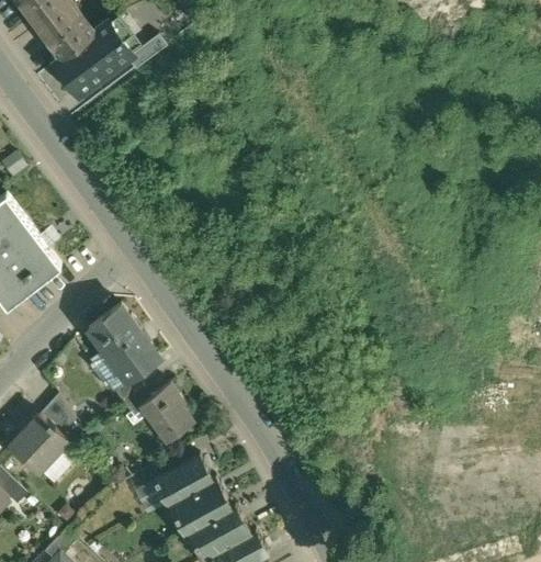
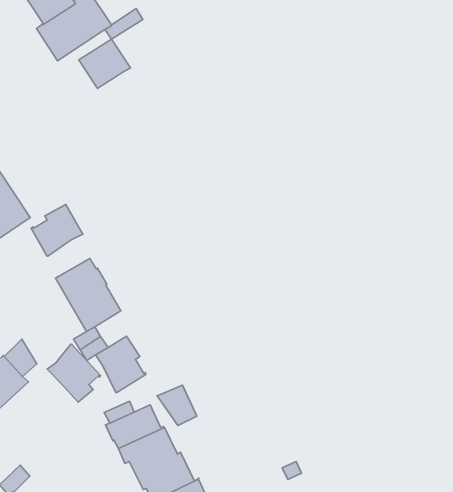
building: none -> [79,39,130,89]
building: none -> [31,205,83,256]
building: none -> [47,344,100,402]
building: none -> [157,385,197,426]

